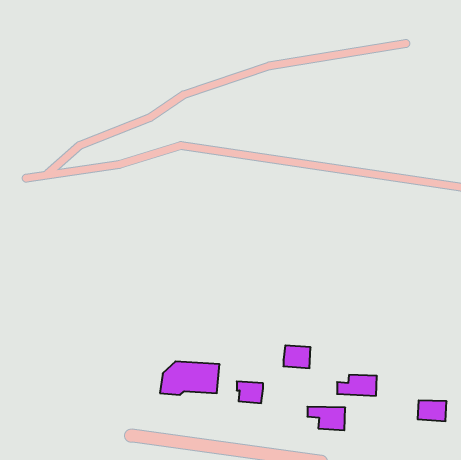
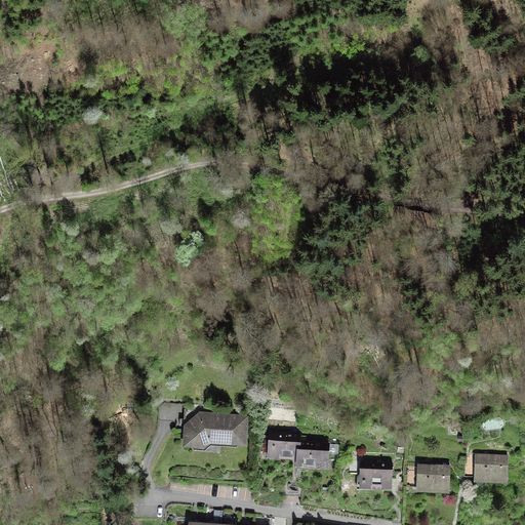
building: [283,345,311,368] -> [296,443,327,469]
building: [337,375,377,396] -> [404,467,449,490]

